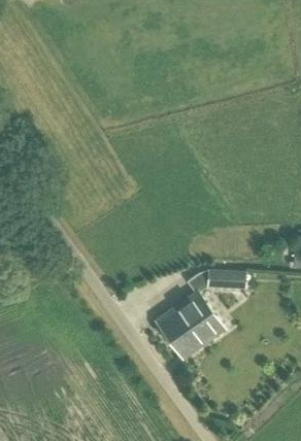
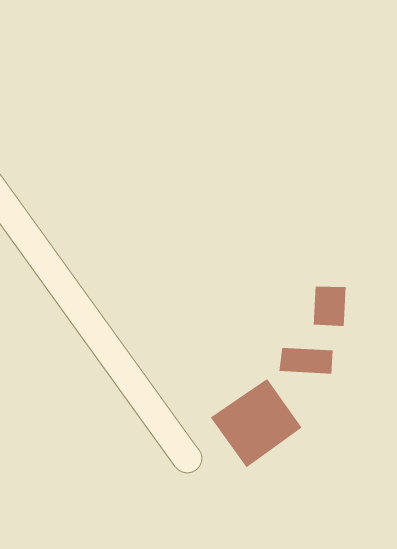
building: none -> [313,286,346,327]

